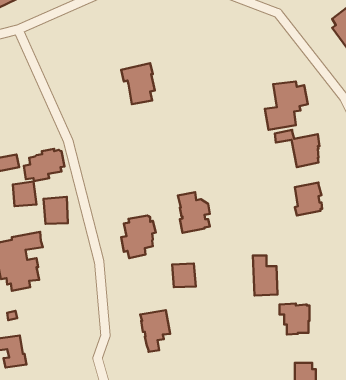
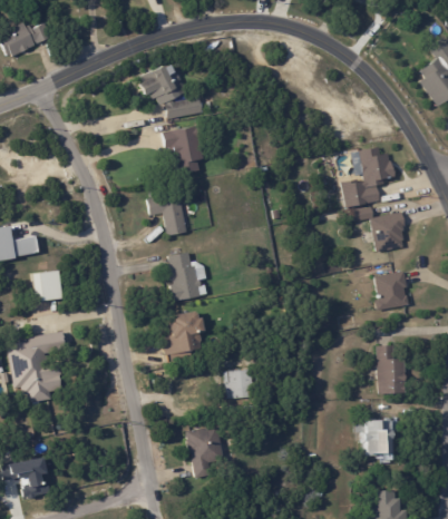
building: none -> [140,63,203,119]
building: none -> [148,192,188,235]
building: [24,149,65,181] -> none
building: [178,192,210,233] -> [168,252,207,302]
building: [43,197,68,224] -> none
building: [253,255,277,295] -> [377,345,407,394]

